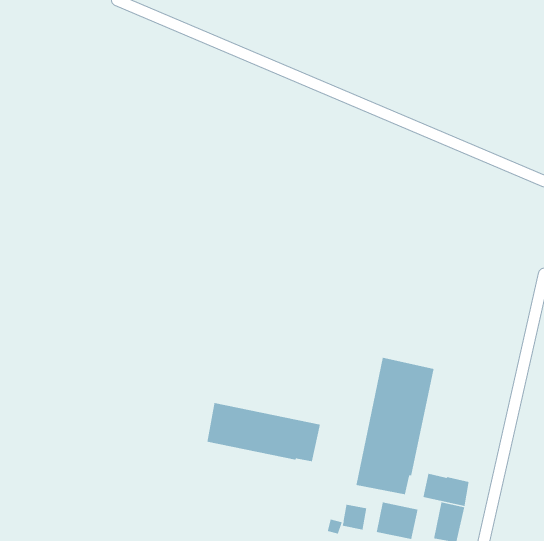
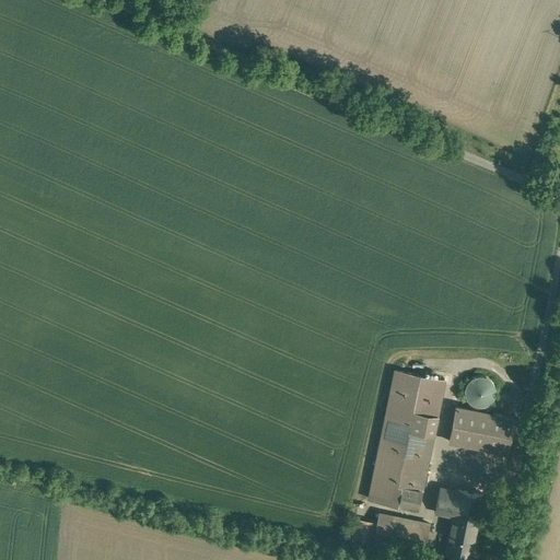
building: none -> [465,378,495,409]
building: none -> [448,409,514,455]
building: [206,402,321,462] -> none

